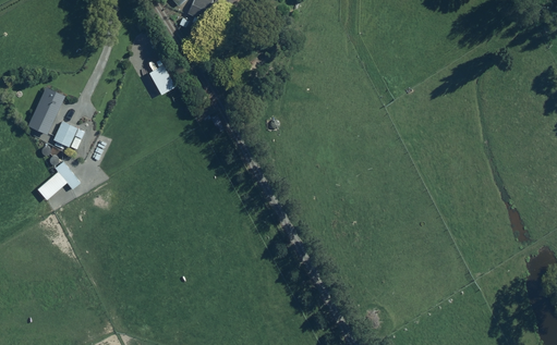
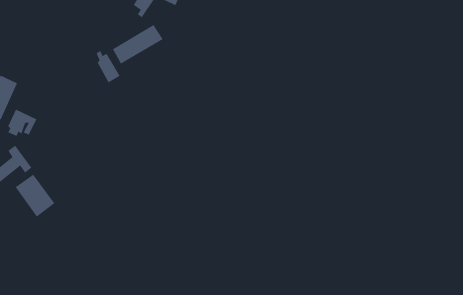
building: none -> [112,24,163,65]
building: none -> [15,174,55,217]

